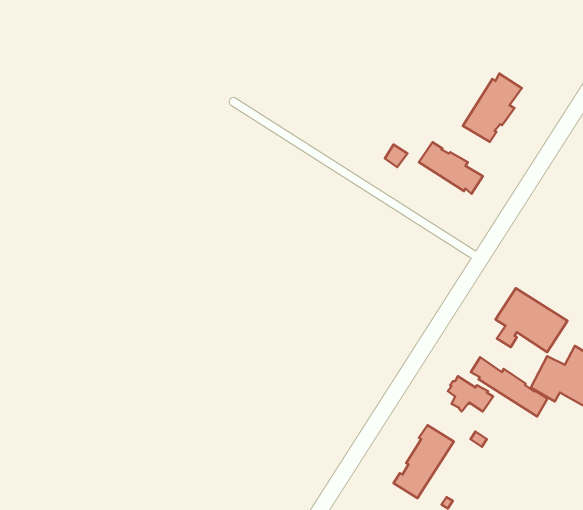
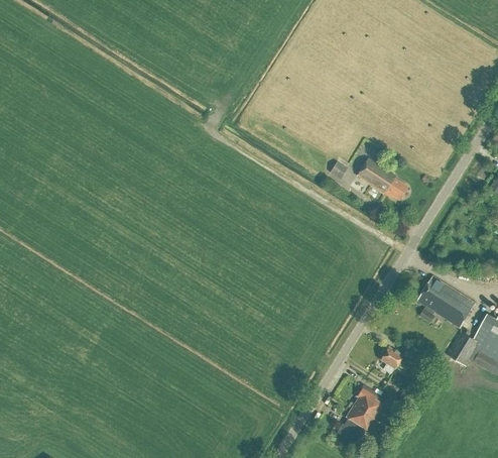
building: [463,74,522,142] -> none
building: [471,357,547,416] -> none

